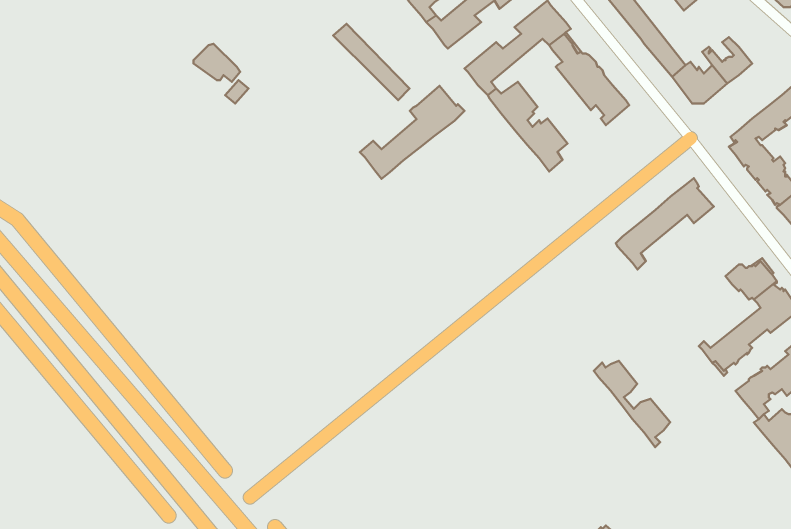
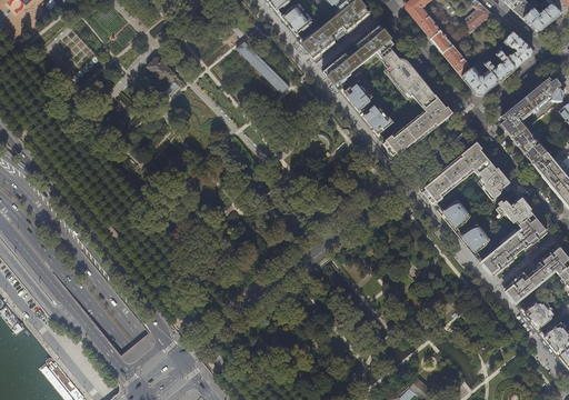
building: none -> [498,31,531,68]
building: [360,86,465,179] -> [380,96,450,158]
building: none -> [477,163,507,200]
building: [594,361,670,447] -> [439,199,490,257]

